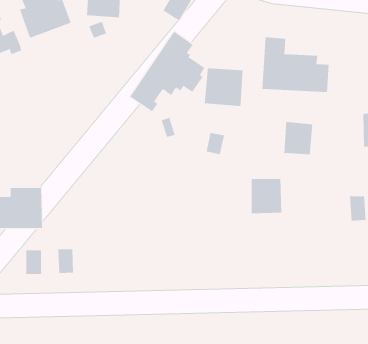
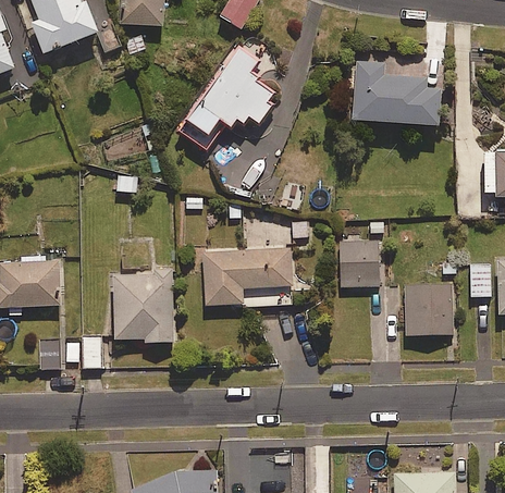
building: [204,67,243,107] -> none
building: [284,121,313,155] -> none
building: none -> [205,248,292,306]
building: none -> [112,271,174,345]
building: none -> [406,283,453,336]

